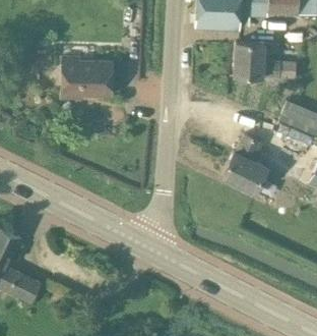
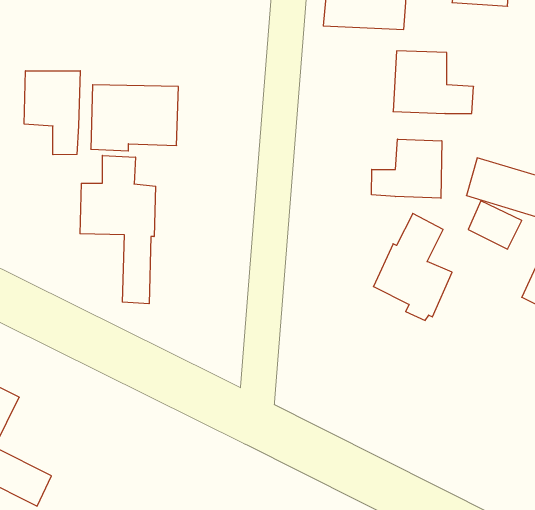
building: none -> [24,71,80,155]
building: none -> [372,139,442,198]
building: none -> [80,155,156,304]

